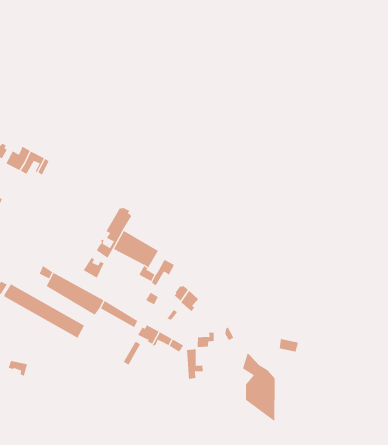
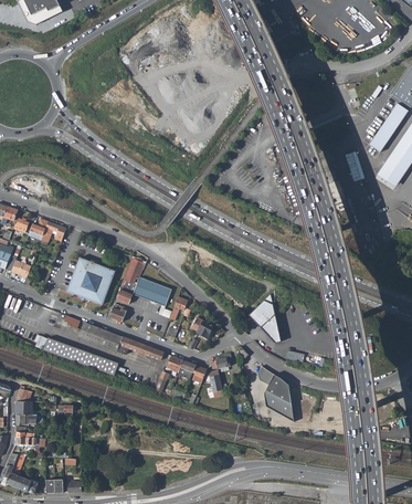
building: none -> [68,256,114,301]
building: none -> [251,295,282,343]

